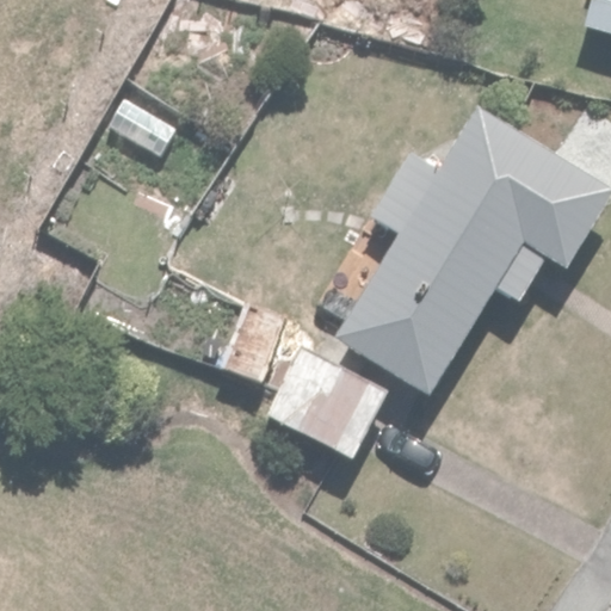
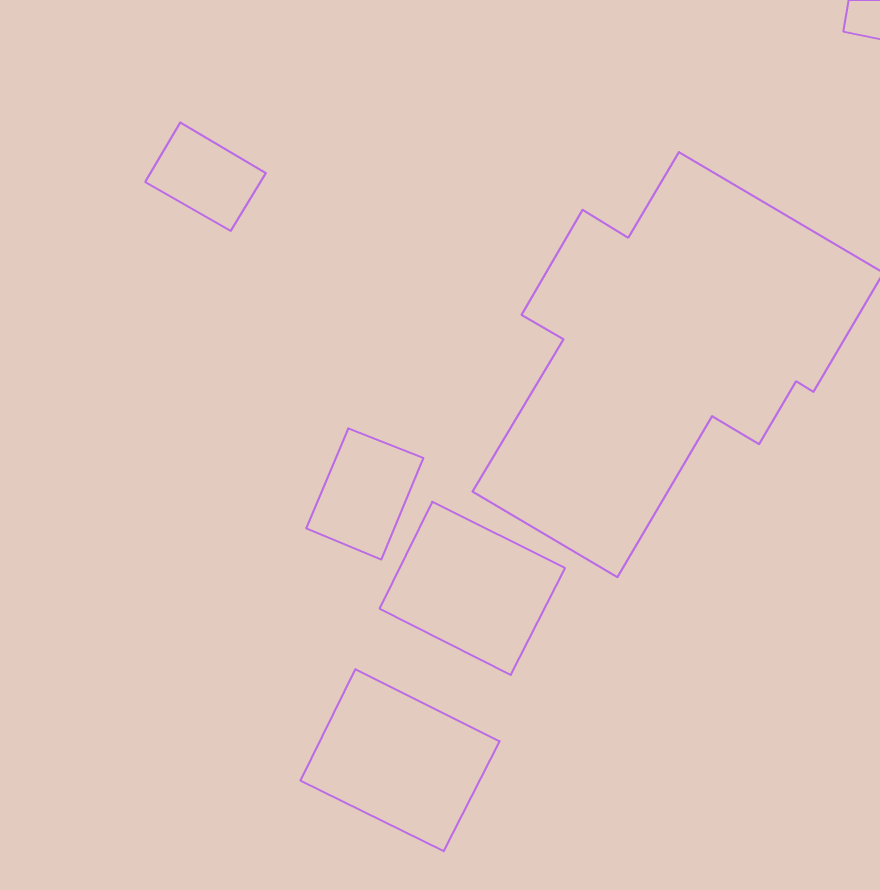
building: none -> [301,669,500,851]

